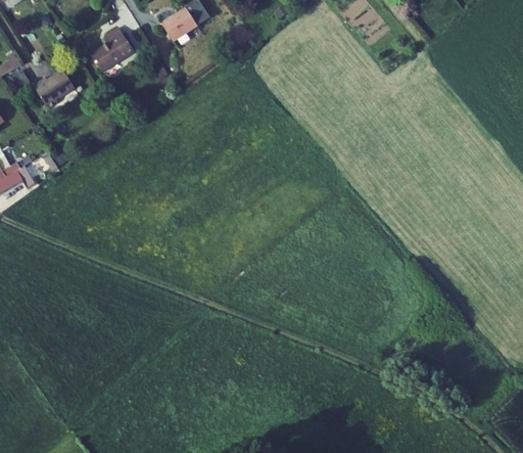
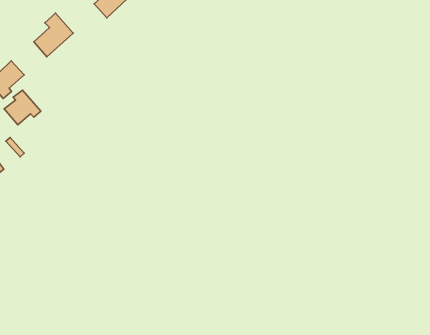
building: none -> [4,90,41,125]

